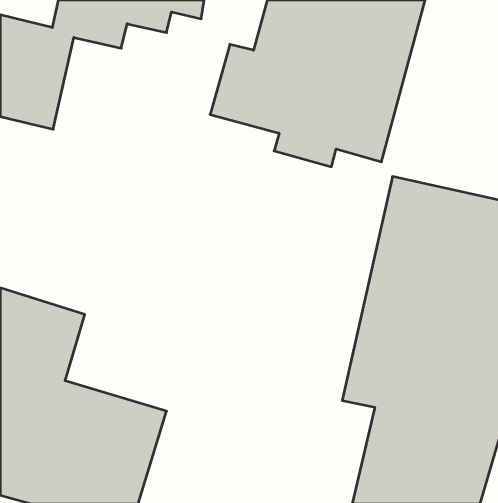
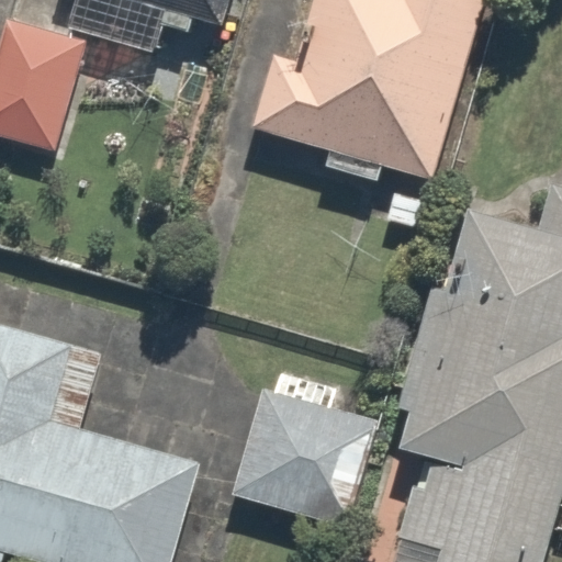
building: none -> [226,383,379,525]

